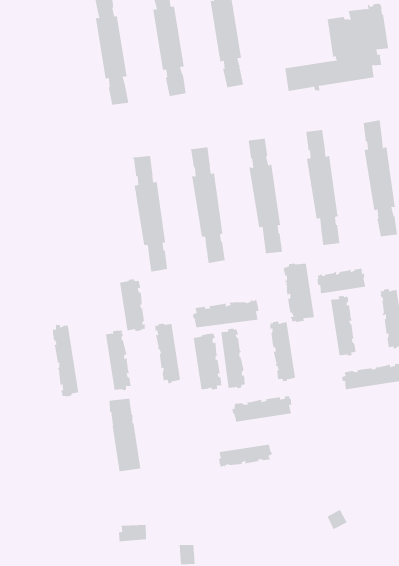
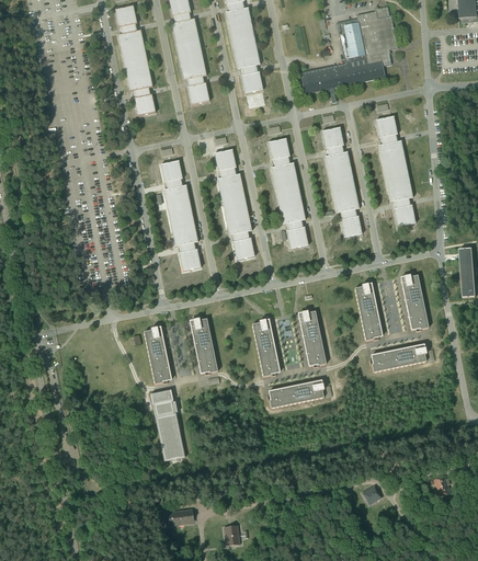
building: [283,263,315,323] -> none
building: [317,268,366,294] -> none
building: [120,279,146,332] -> none
building: [193,299,259,328] -> none
building: [52,324,79,397] -> none
building: [193,333,222,390] -> none
building: [218,444,272,468] -> none

